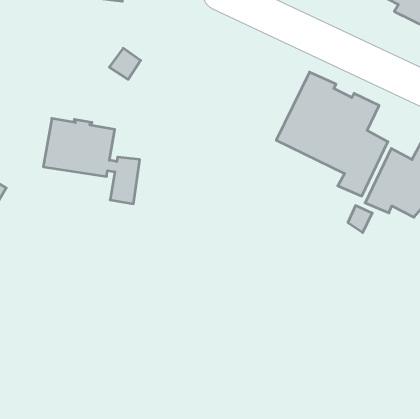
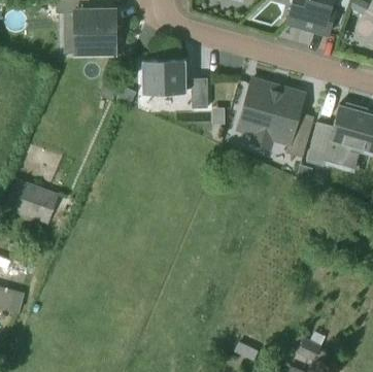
building: [43,118,140,204] -> [141,59,207,109]

